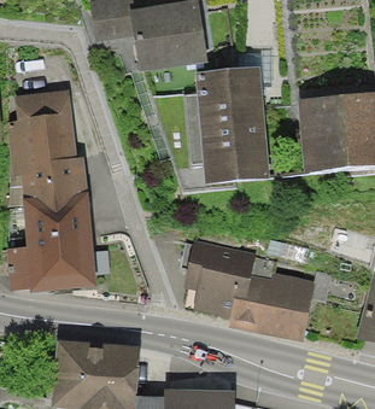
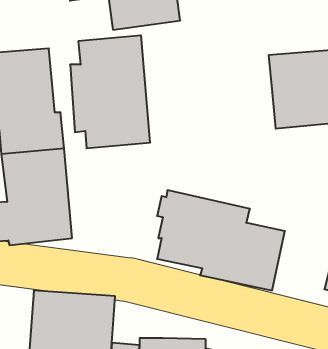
building: [186,64,269,181] -> [70,35,150,148]

